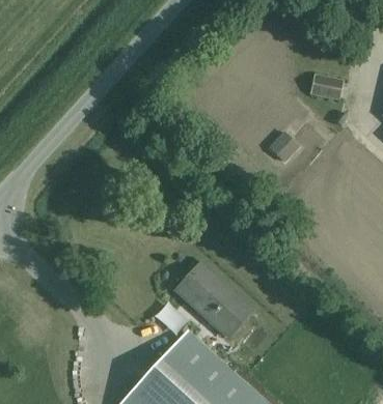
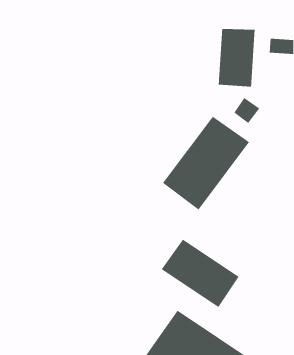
building: none -> [218,28,255,88]
building: none -> [162,116,250,210]

